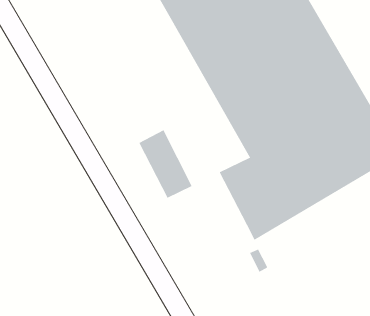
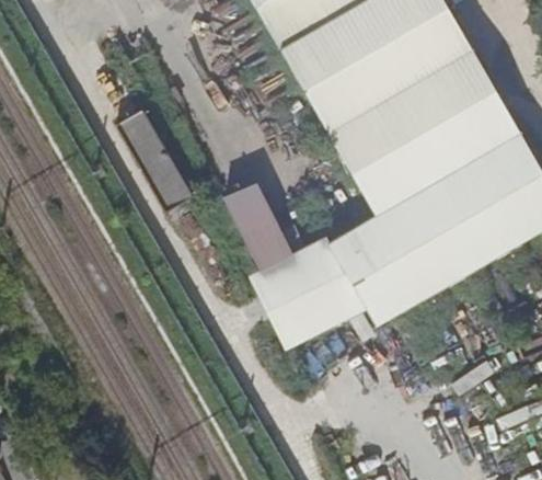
building: none -> [116,107,196,212]
building: none -> [252,238,368,348]

